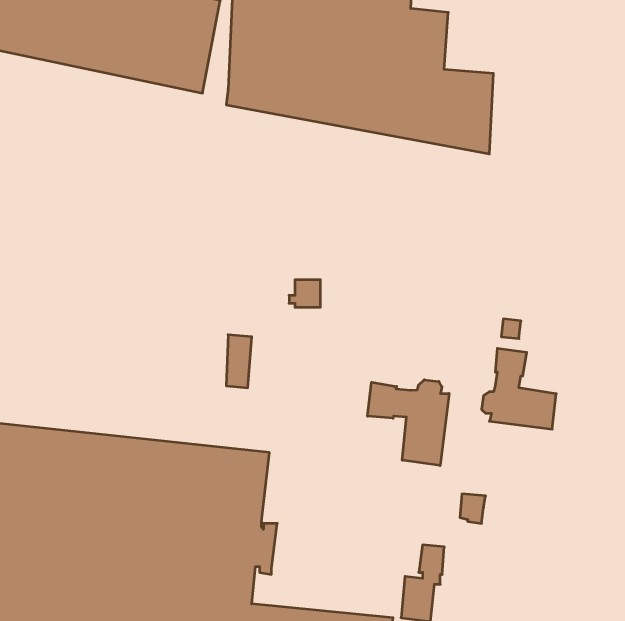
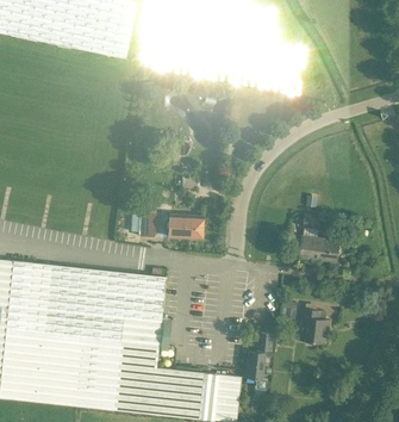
building: none -> [168,213,202,237]
building: [368,380,449,466] -> none
building: none -> [300,308,330,342]

